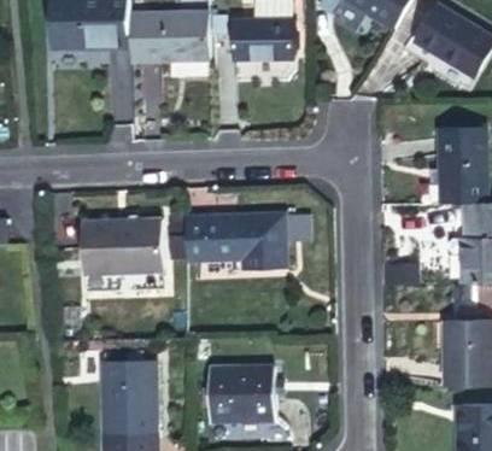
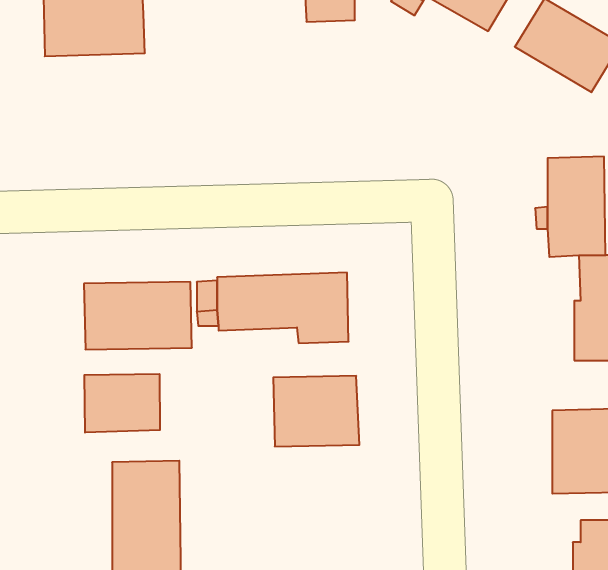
building: [128,16,207,62] -> none
building: [233,22,293,59] -> none
building: none -> [84,374,160,433]
building: [210,367,276,421] -> [273,376,359,446]

